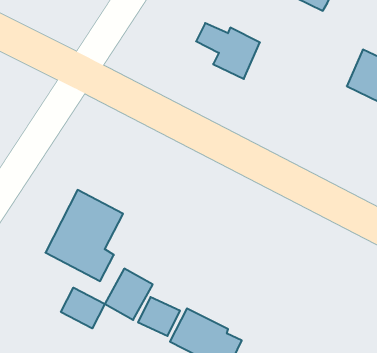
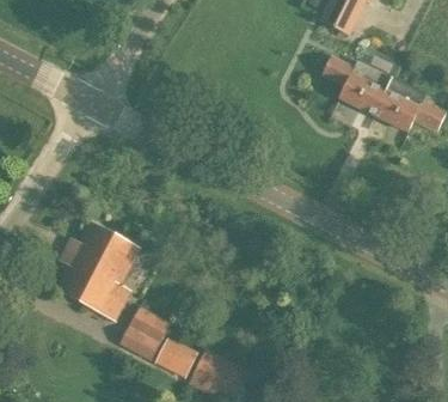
building: [196,23,260,79] -> [323,56,389,115]
building: [61,288,105,328] -> none

